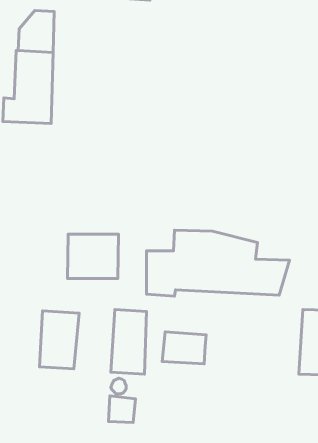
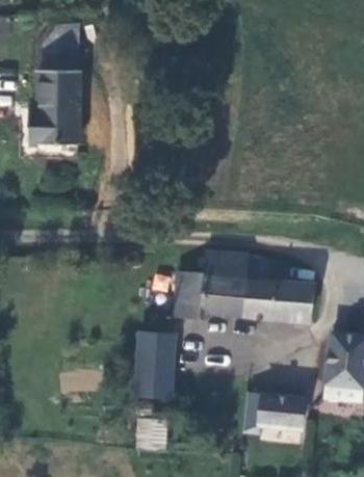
building: [67,234,119,279] -> none
building: [39,311,79,369] -> none
building: [162,332,206,364] -> [259,395,304,427]

